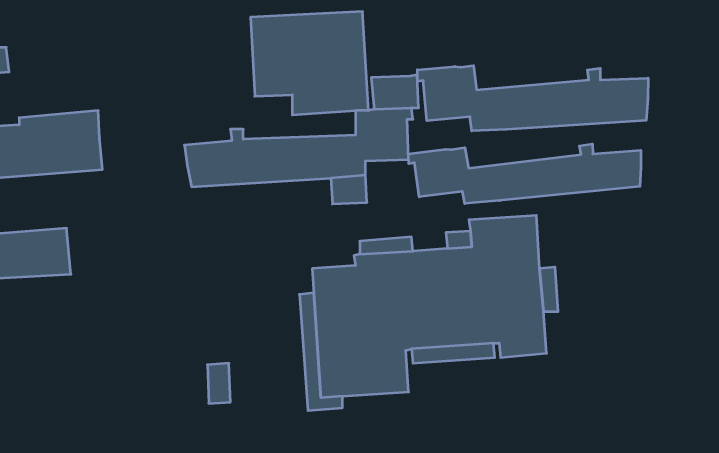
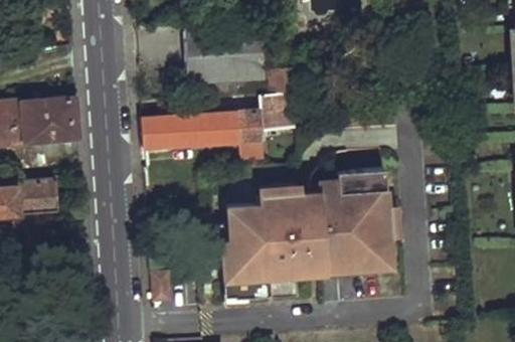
building: [417,66,648,131] -> none
building: [408,144,641,204] -> none

